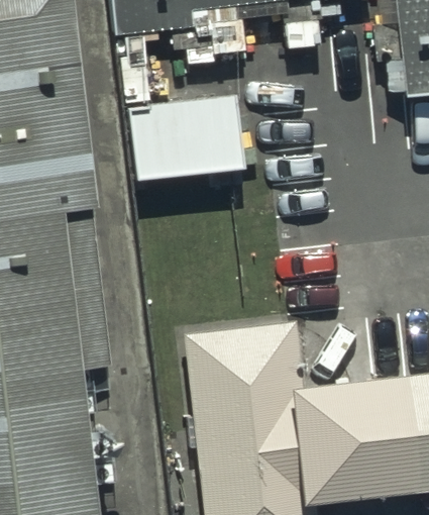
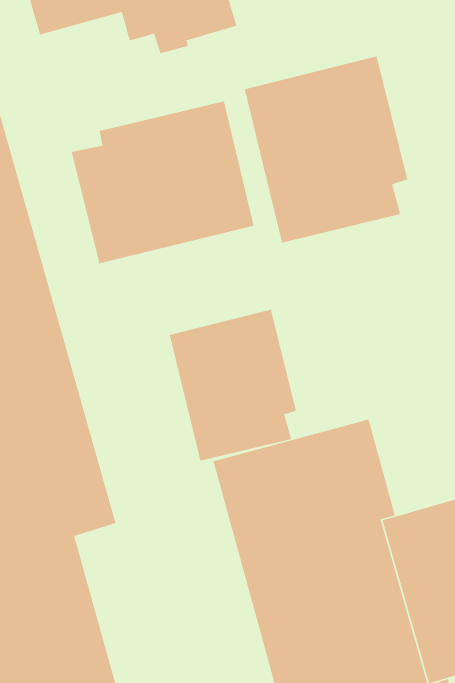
building: none -> [244,55,408,244]
building: none -> [169,309,297,462]

